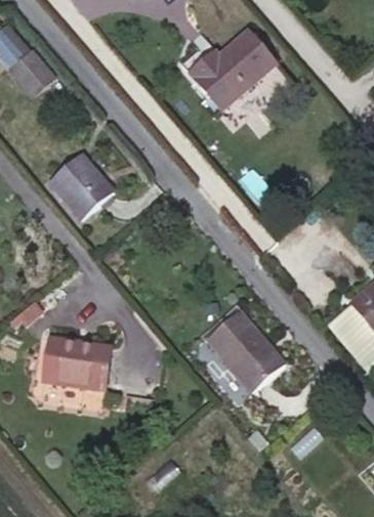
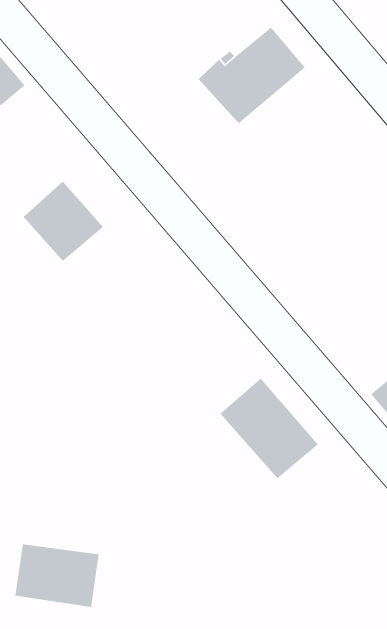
building: [42,338,110,389] -> [15,543,100,608]

